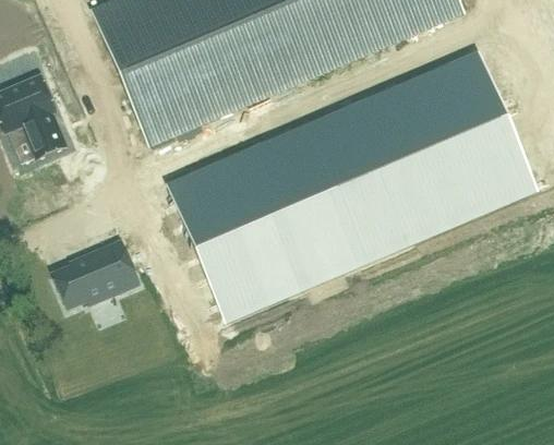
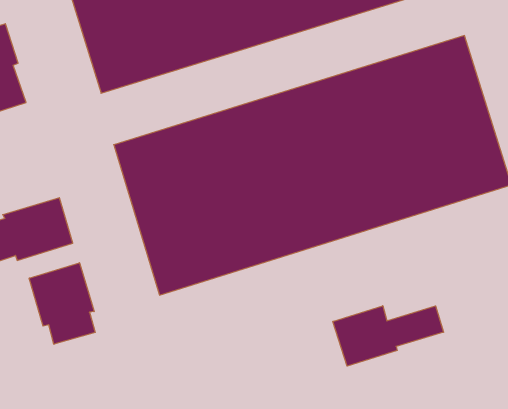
building: none -> [29,263,95,344]
building: none -> [333,306,444,366]

